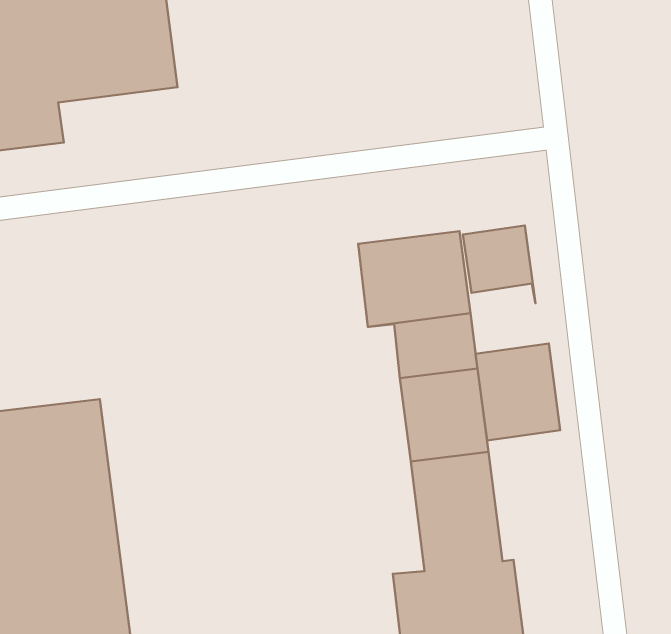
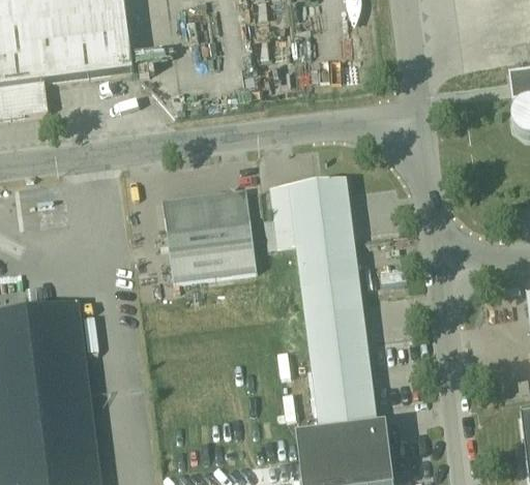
building: [463,226,535,303] -> none
building: none -> [164,187,259,280]
building: [476,343,560,440] -> none

